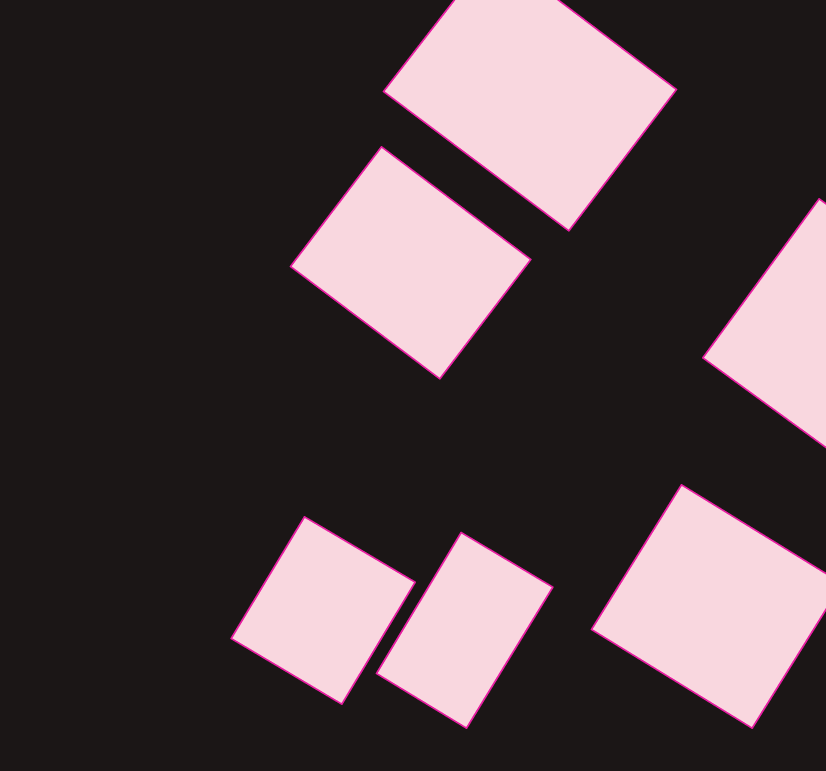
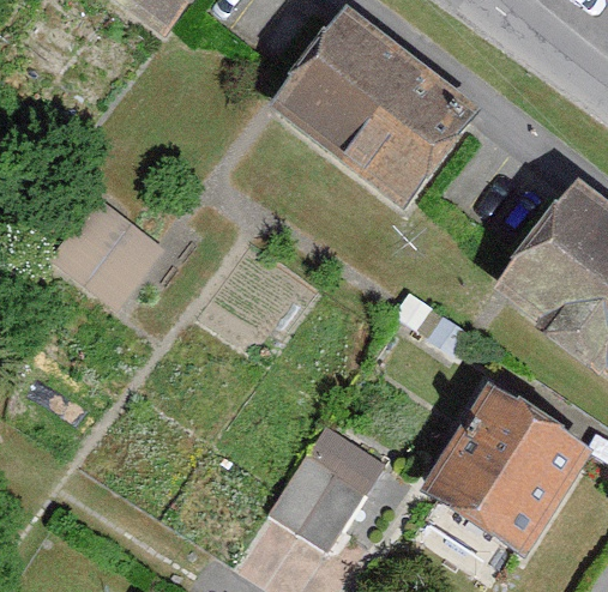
building: [291,147,531,379] -> none
building: [231,517,415,704] -> none

